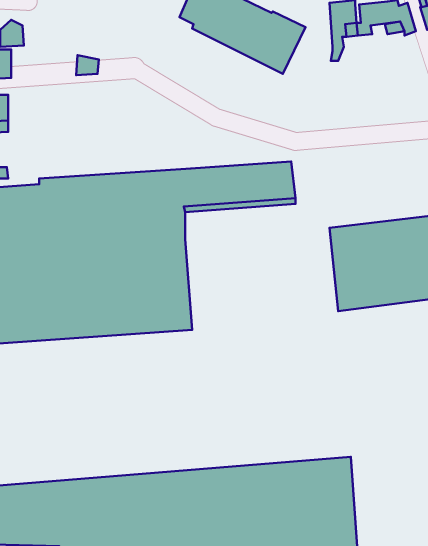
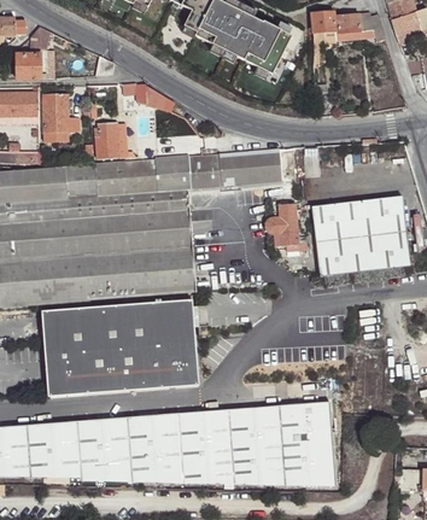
building: none -> [135,83,172,112]
building: none -> [43,92,77,140]
building: none -> [95,122,119,158]
building: none -> [265,201,308,245]
building: none -> [41,302,198,396]

